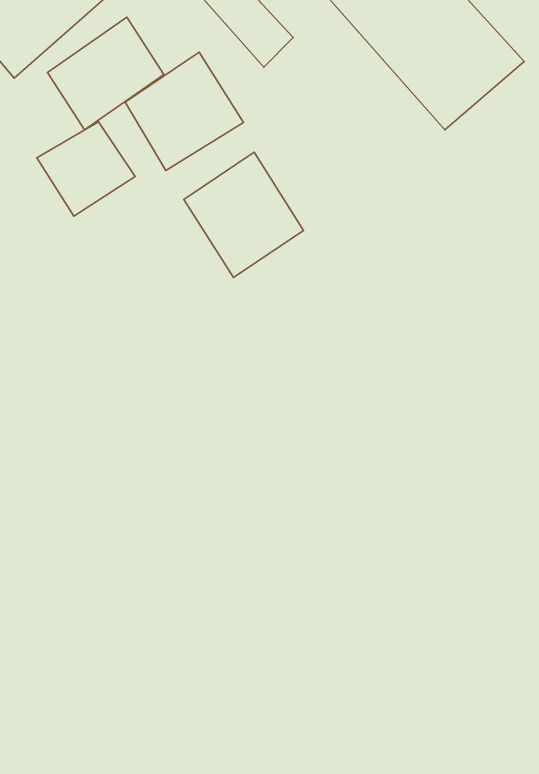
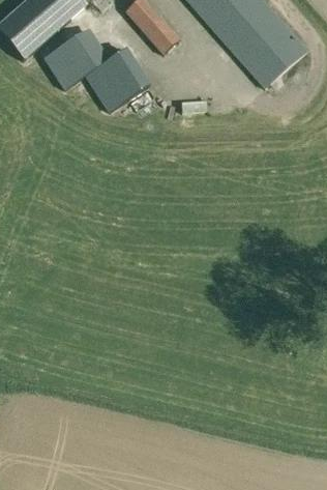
building: [37,122,135,216] -> none
building: [184,152,303,278] -> none

